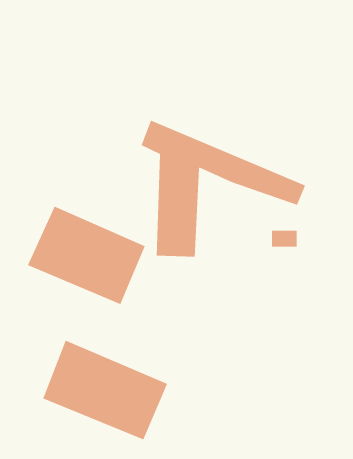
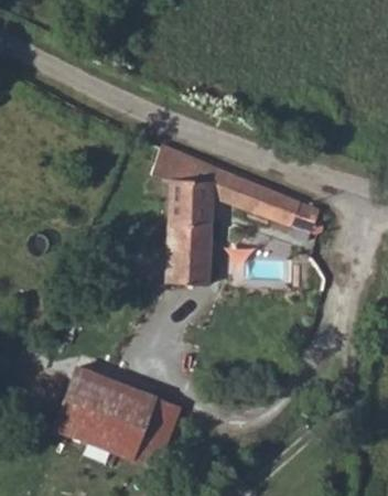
building: [27,206,146,305] -> none

